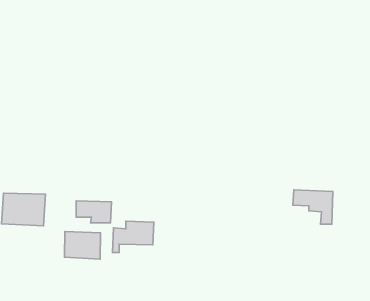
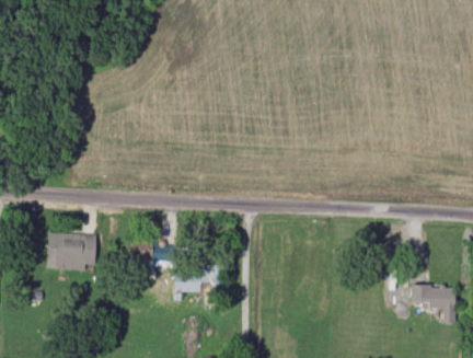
building: [293,190,333,224] -> [409,285,455,324]
building: [64,232,101,259] -> none

